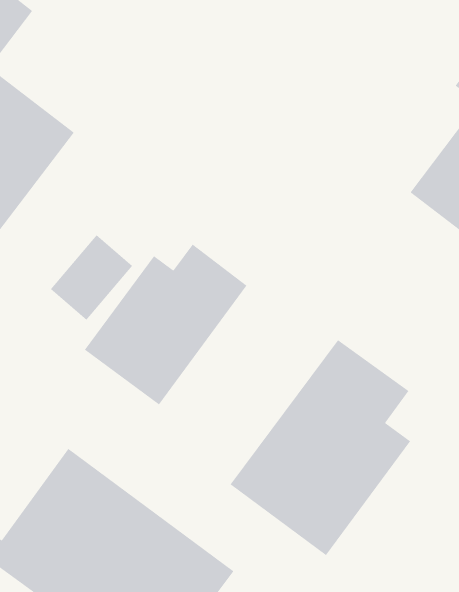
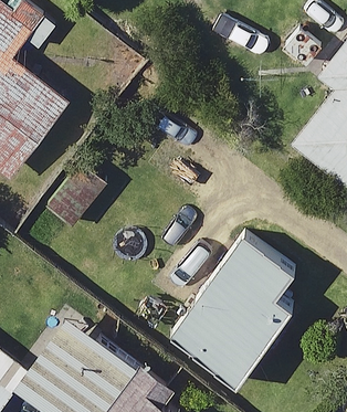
building: [84,244,247,406] -> none

